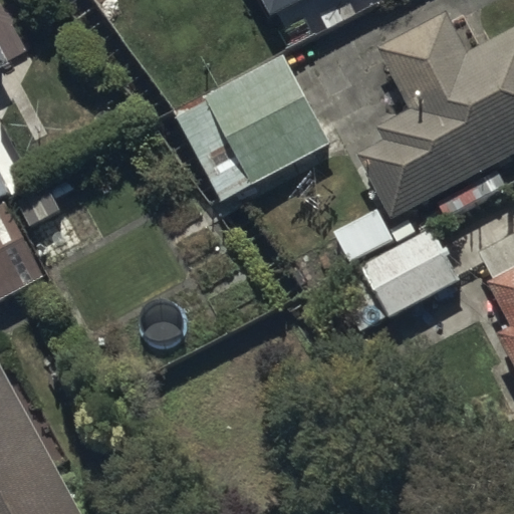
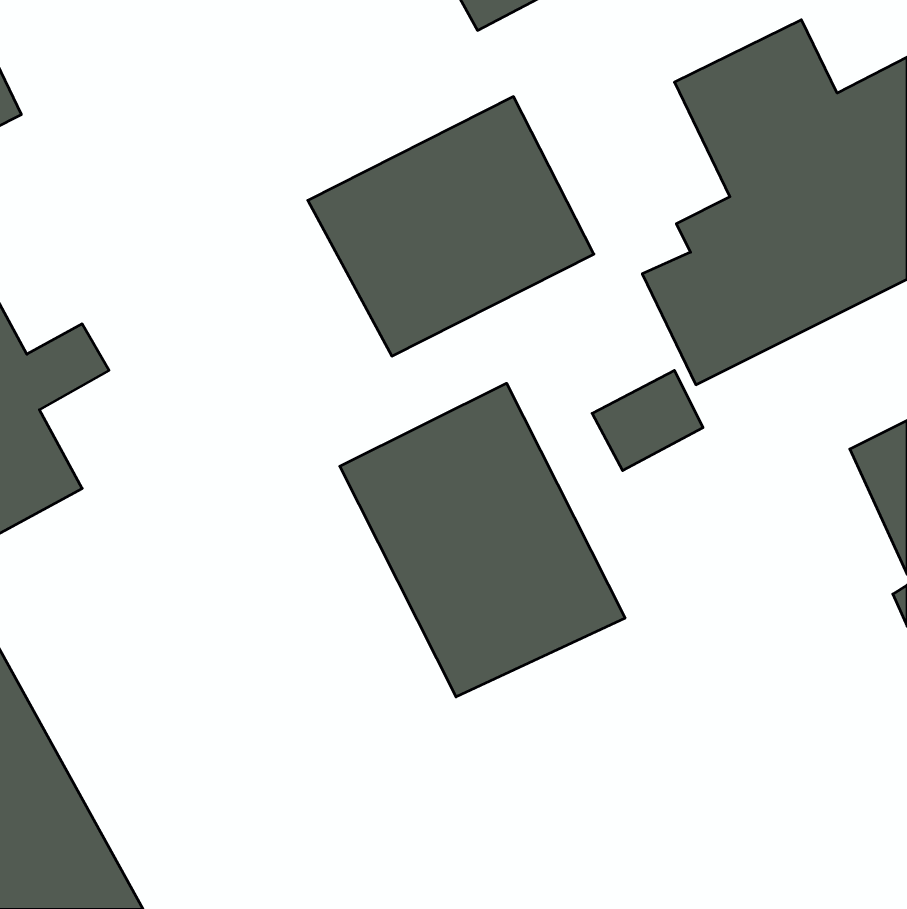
building: none -> [340,383,625,697]
building: [336,227,461,332] -> none

